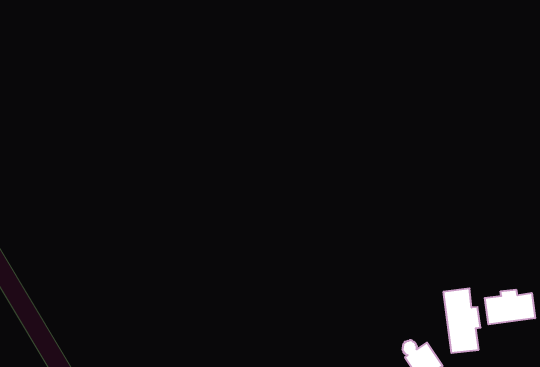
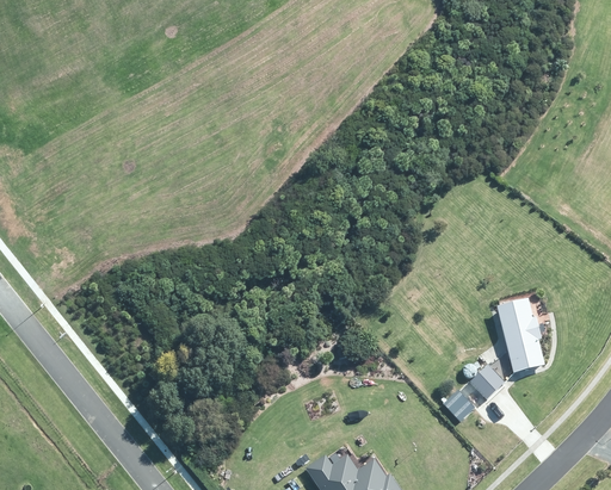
building: [485,290,535,324] -> none

